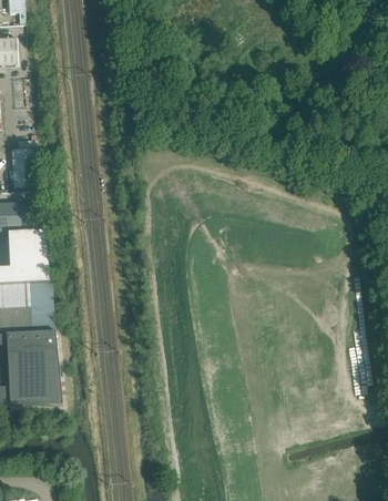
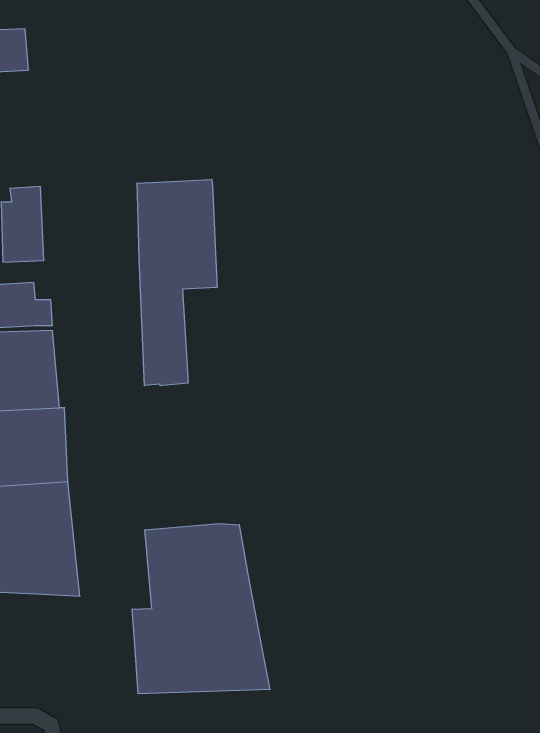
building: none -> [137,179,217,386]
building: none -> [132,524,270,694]

